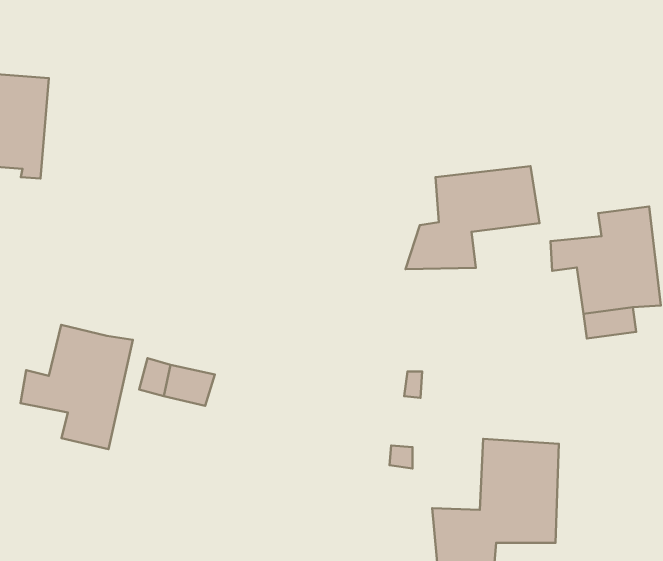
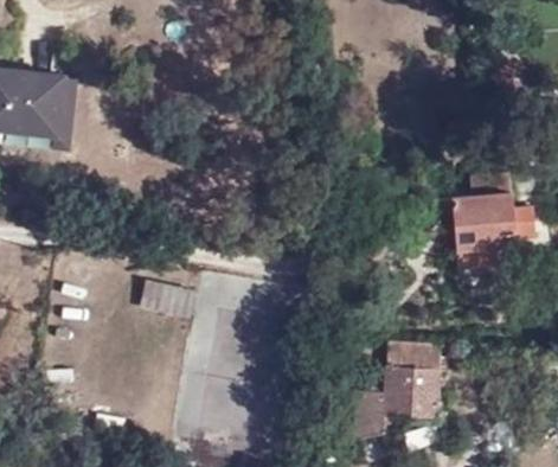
building: [406,166,539,269] -> none
building: [20,325,133,449] -> none

